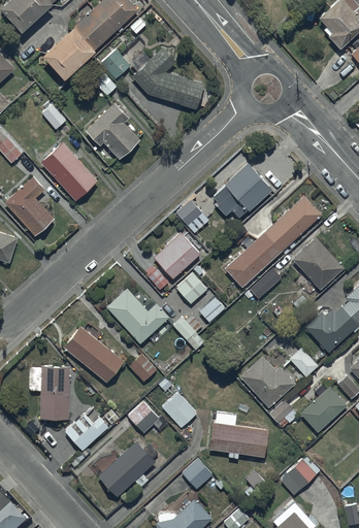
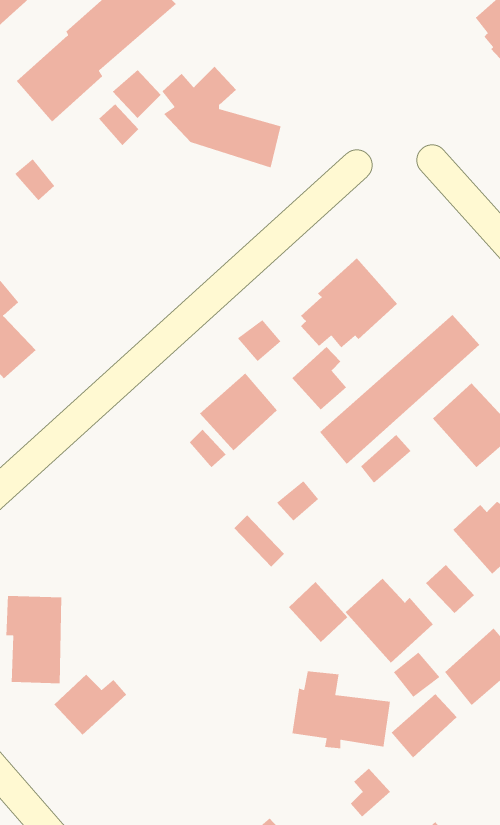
building: [86,103,141,161] -> none
building: [40,142,98,202] -> none
building: none -> [292,346,347,411]
building: [176,274,206,304] -> none
building: [106,289,169,344] -> none
building: [63,326,124,383] -> none
building: [129,354,157,382] -> none
building: [161,391,197,428] -> [288,581,348,643]
building: [128,400,160,433] -> none
building: [97,440,155,497] -> none
building: [280,456,320,495] -> [391,693,457,758]
building: [182,458,211,488] -> none

